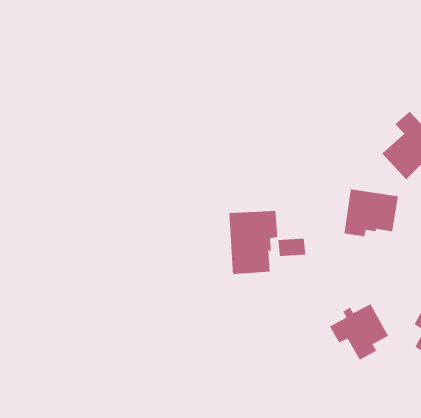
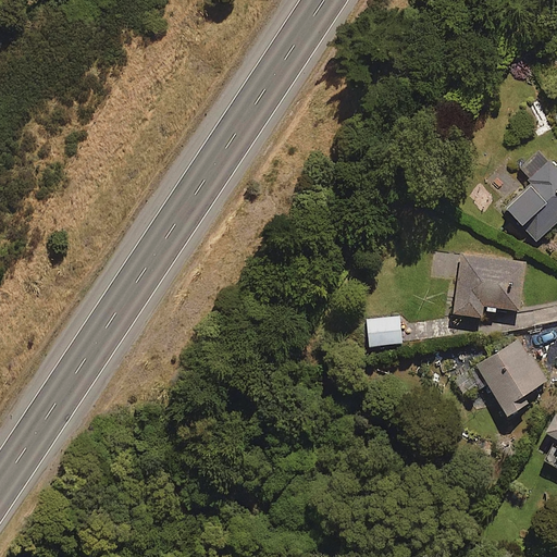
building: [228,210,278,275] -> none
building: [329,303,389,361] -> [467,338,546,414]

